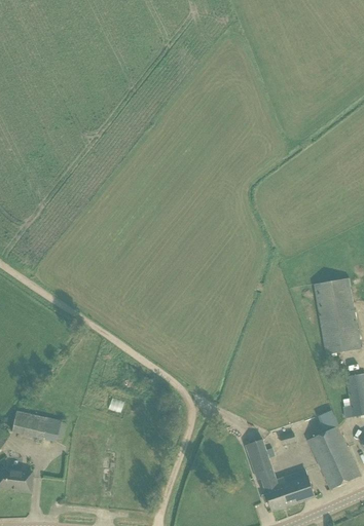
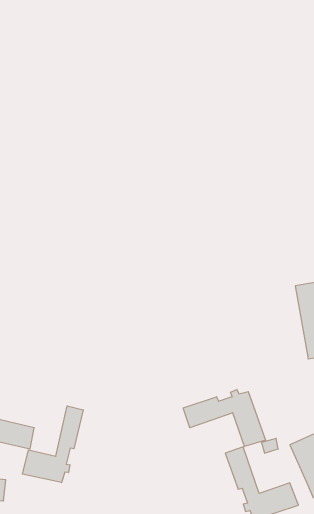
building: none -> [183,389,266,447]
building: none -> [22,406,83,483]

